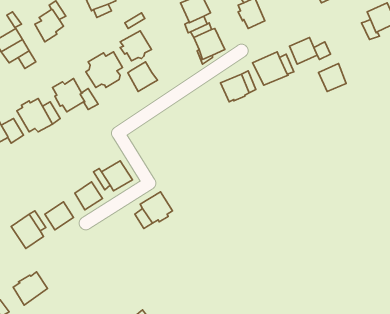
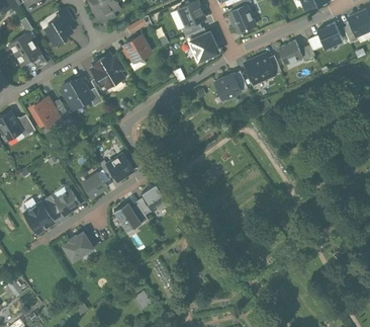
building: [128,62,157,91] -> none
building: [318,64,346,91] -> [316,23,342,49]
building: none -> [114,201,145,233]
building: [13,272,47,305] -> [64,232,95,262]

